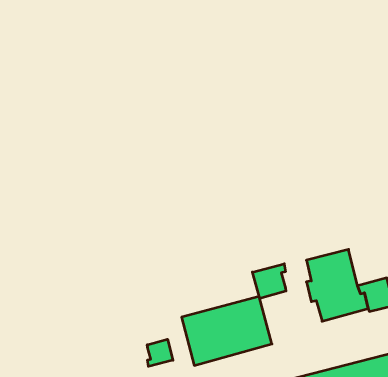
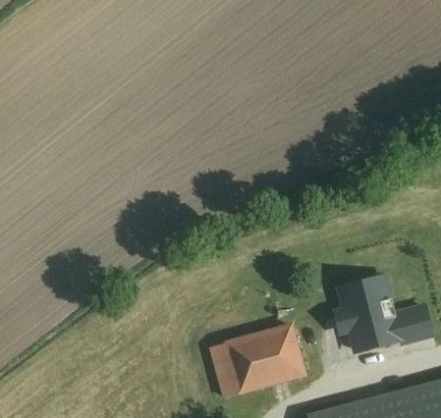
building: [252,264,286,299] -> none
building: [147,339,173,366] -> none

